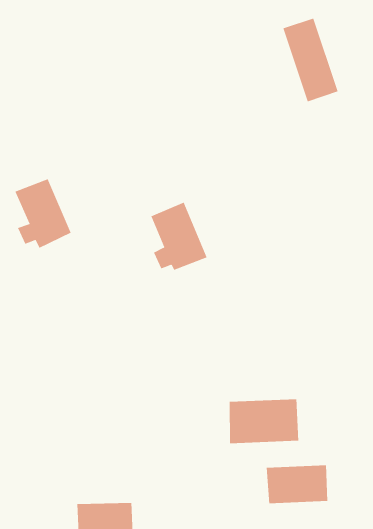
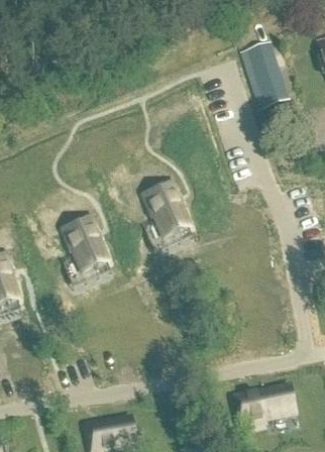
building: [15,178,72,248] -> [63,220,107,274]
building: [229,399,299,444] -> none

